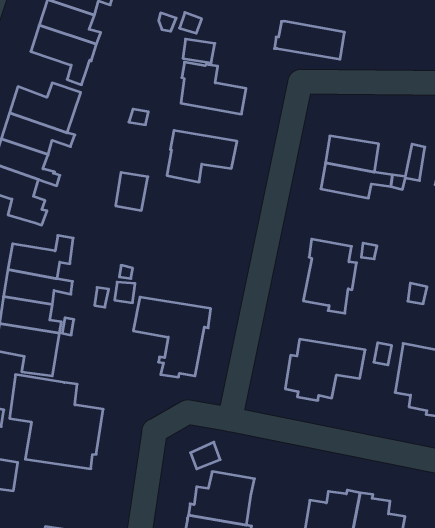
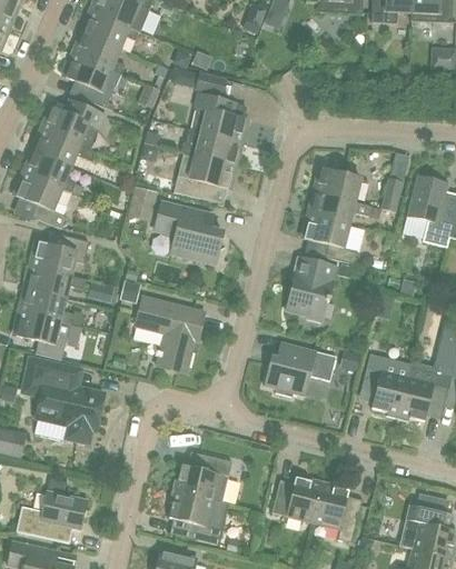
building: [274,21,345,59] -> [180,129,242,166]
building: none -> [155,200,224,262]
building: none -> [300,212,357,263]

